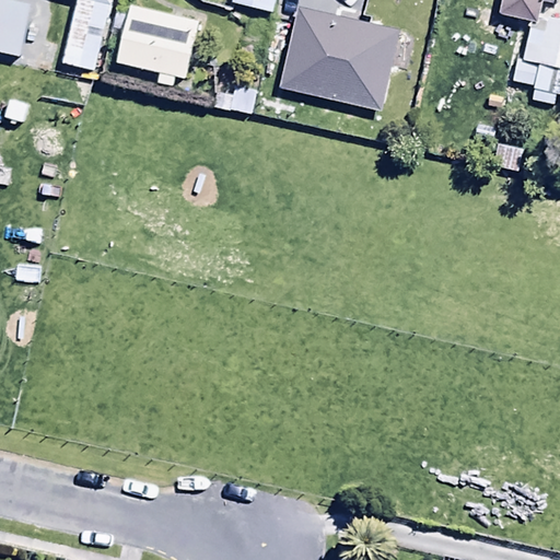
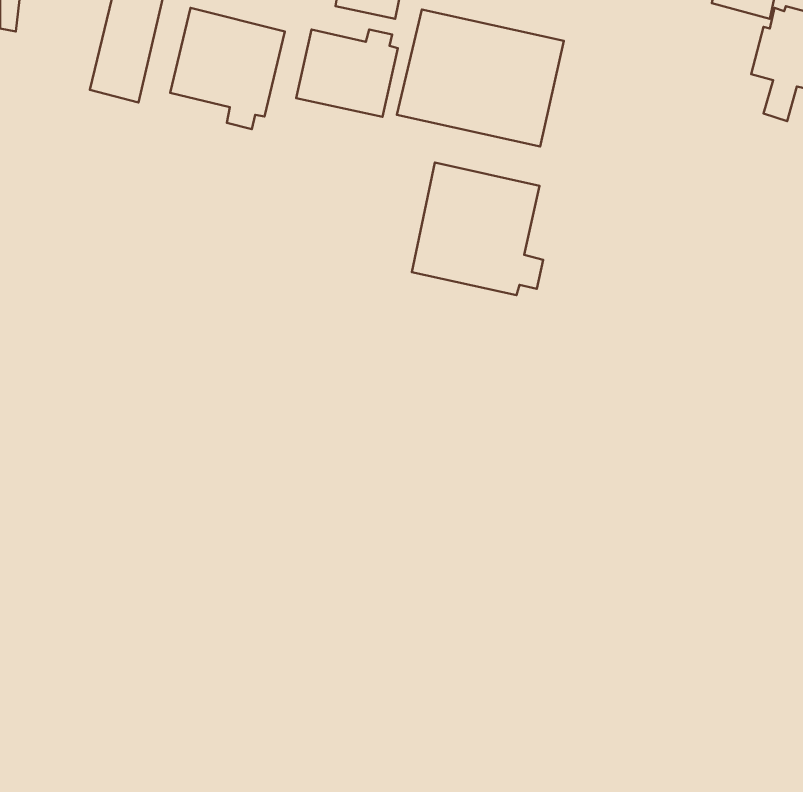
building: none -> [296,29,398,117]
building: none -> [412,162,543,295]

